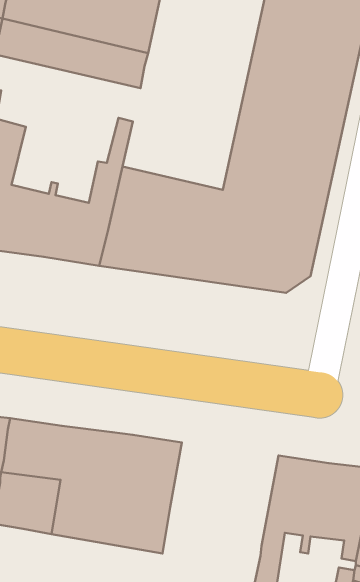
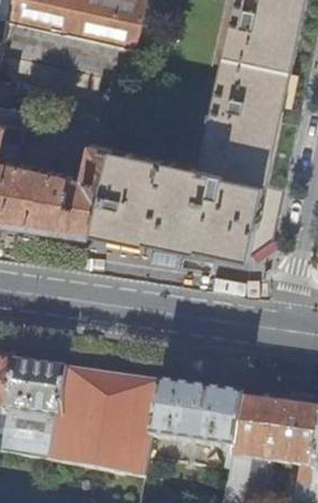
building: none -> [149,383,242,471]

